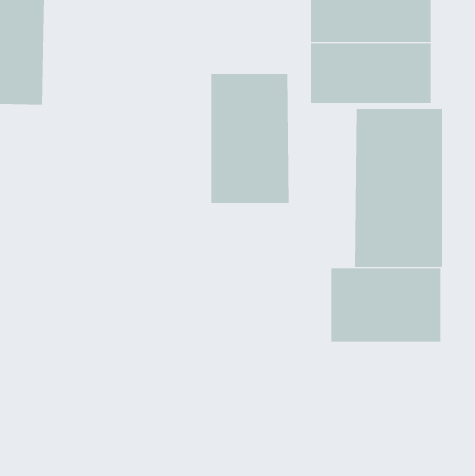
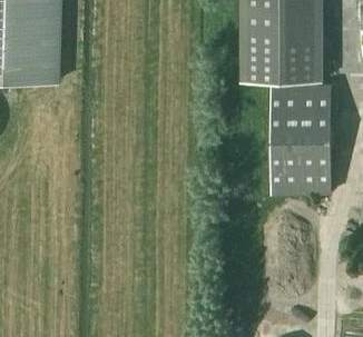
building: [211,73,289,204] -> none
building: [331,267,441,342] -> none

